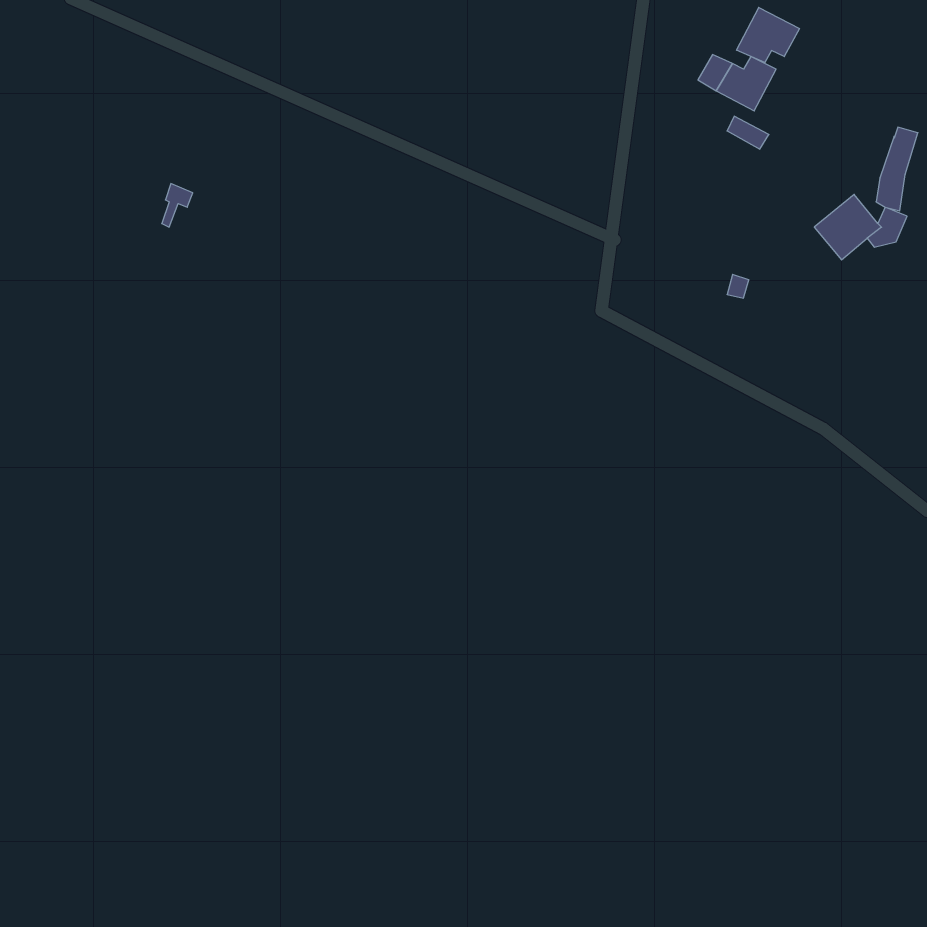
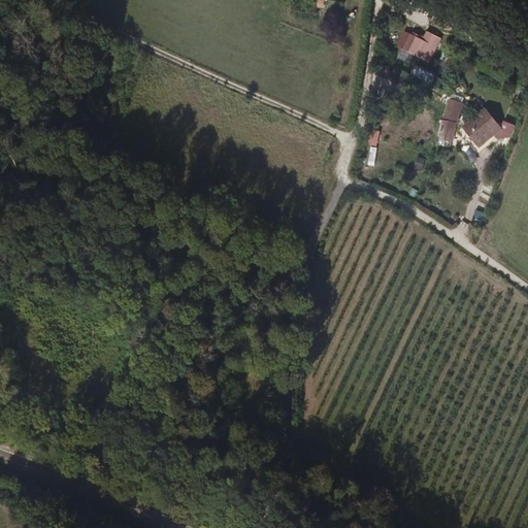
building: [737,7,799,63] -> none
building: [876,127,918,211] -> [438,96,462,143]

